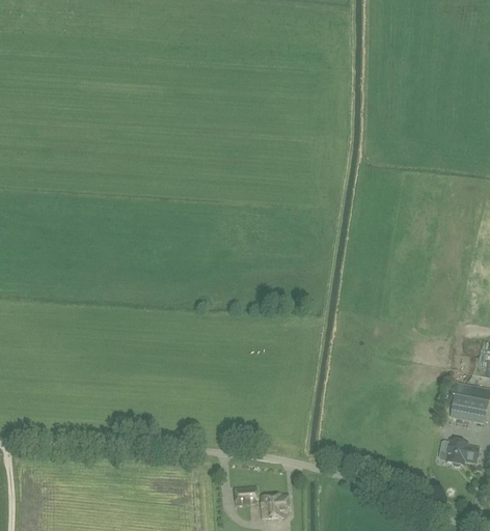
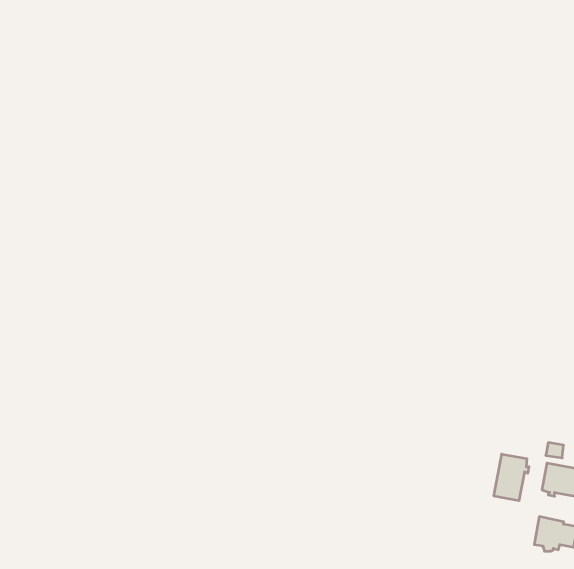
building: none -> [494,454,529,501]

